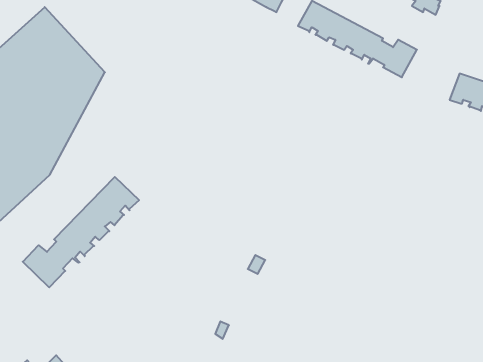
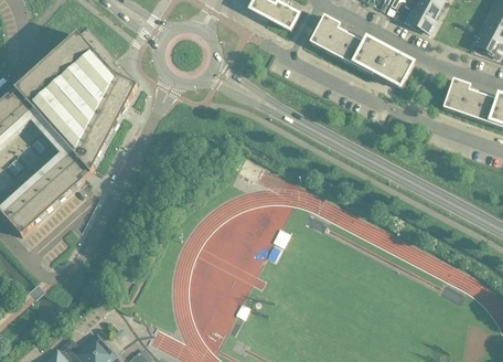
building: [23,177,139,287] -> none

